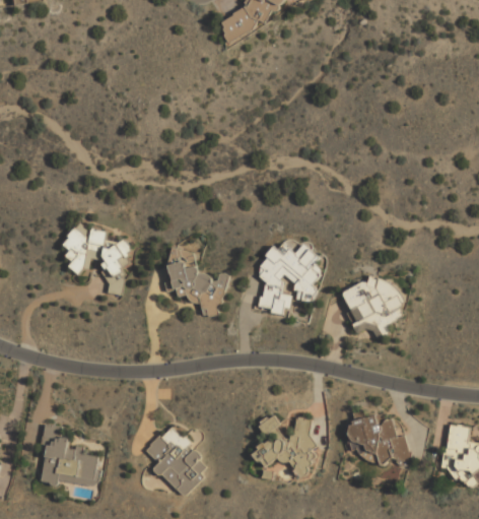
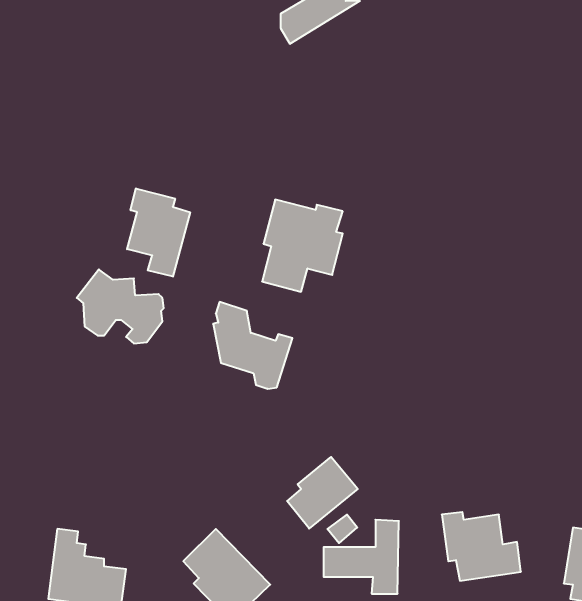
building: none -> [127,188,190,277]
building: [258,243,321,315] -> [262,200,343,292]
building: [339,271,407,341] -> none
building: none -> [287,457,358,529]

